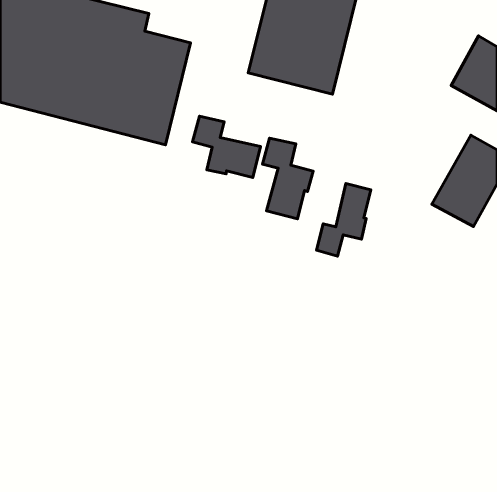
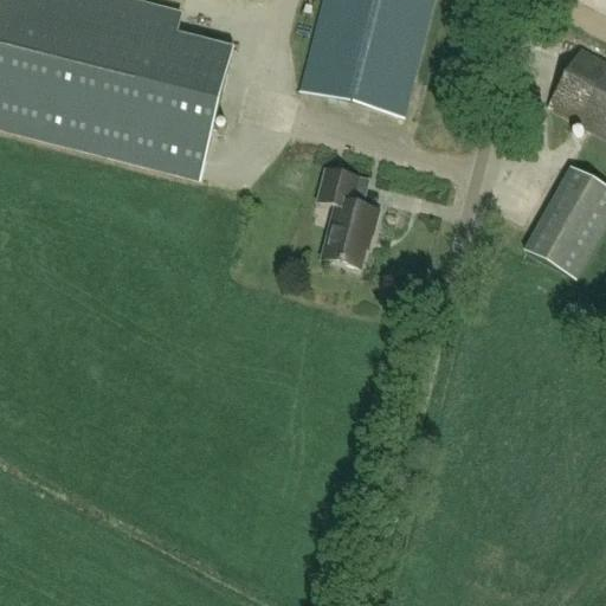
building: [193,116,261,178] -> none
building: [317,183,371,256] -> none

